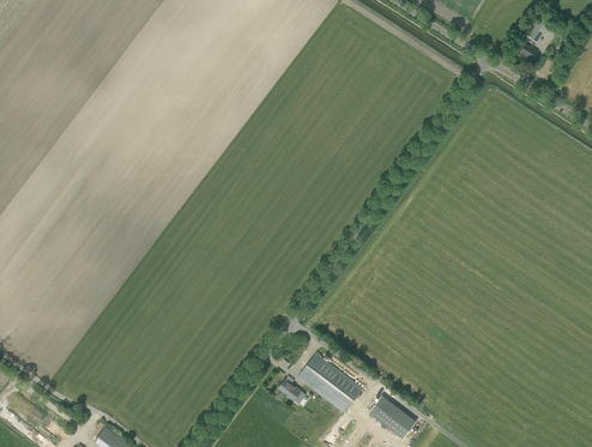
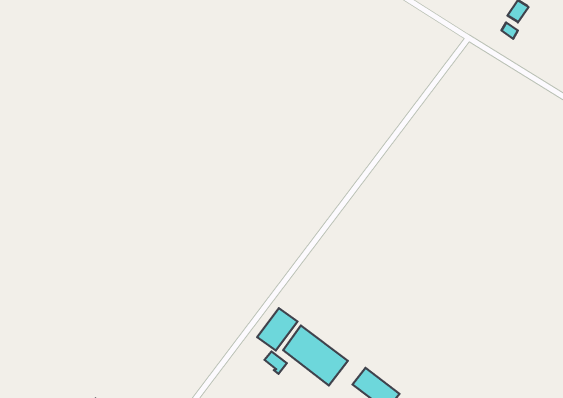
building: none -> [257,308,297,351]

